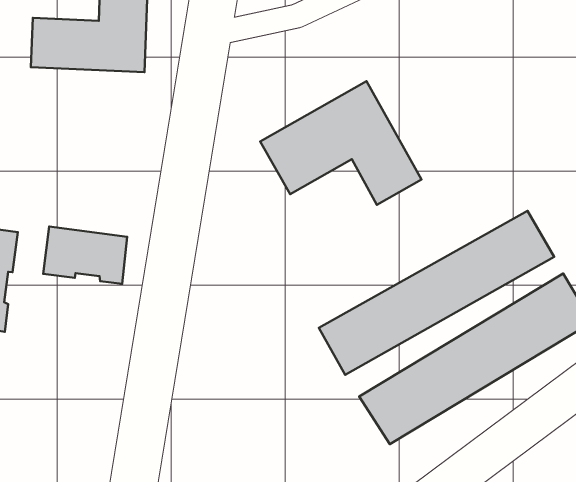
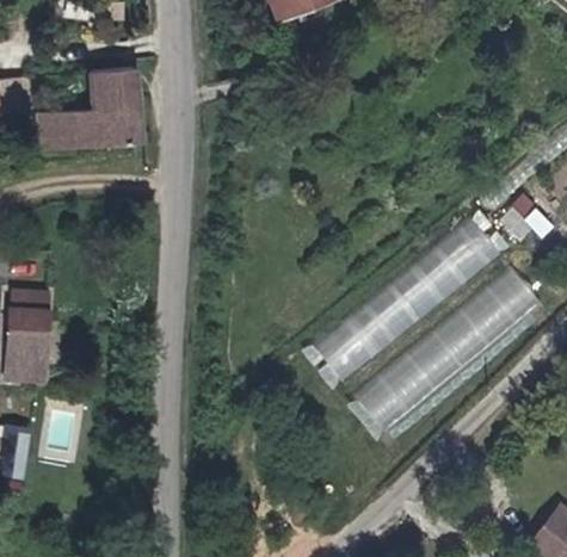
building: [260,81,422,205] -> none
building: [43,227,127,284] -> none

